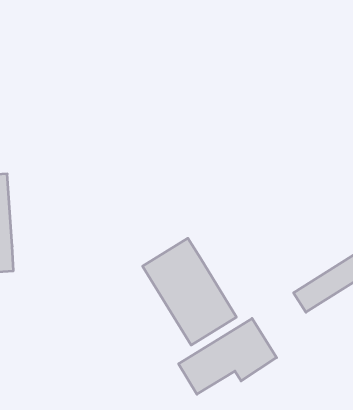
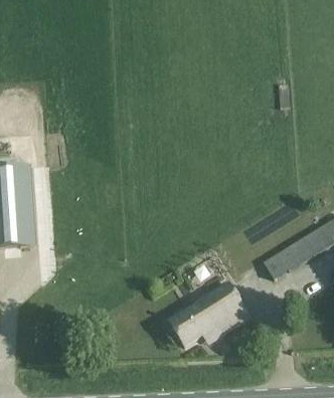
building: [143,238,236,345] -> none

